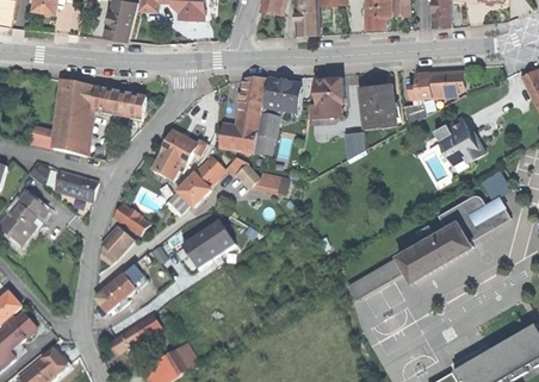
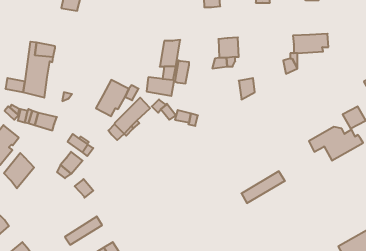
building: [265,80,299,112] -> none
building: [360,83,395,125] -> none
building: [93,89,145,117] -> none
building: [434,117,484,163] -> none
building: [184,219,235,267] -> none
building: [397,221,471,278] -> none
building: none -> [4,153,34,188]
building: [95,275,136,313] -> none

